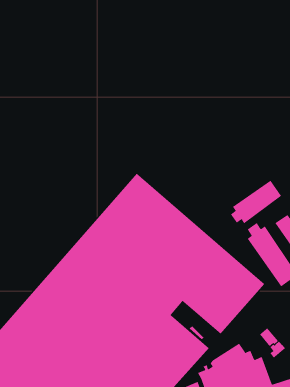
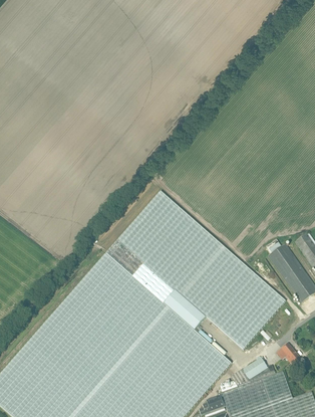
building: [230,180,282,224] -> none

